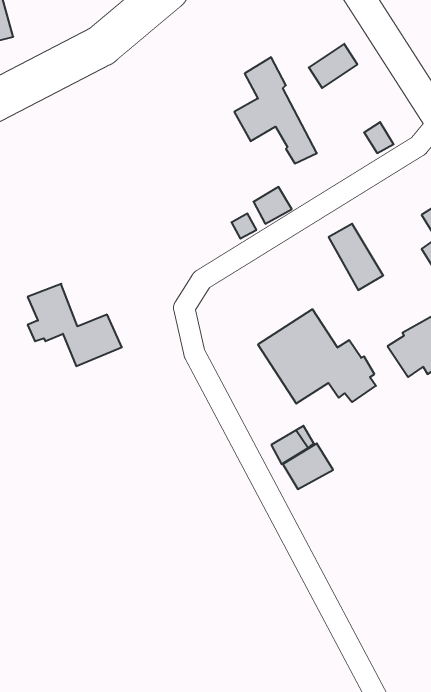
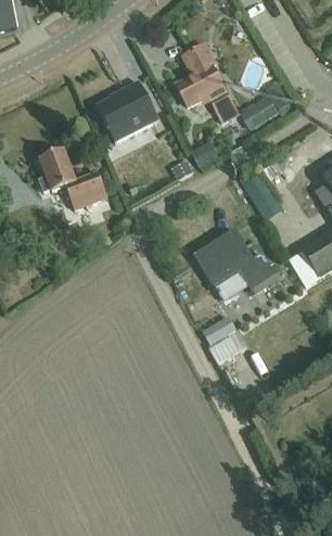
building: [309,44,357,88] -> [240,94,276,127]
building: none -> [95,79,157,141]
building: [28,284,122,366] -> [38,149,107,209]

